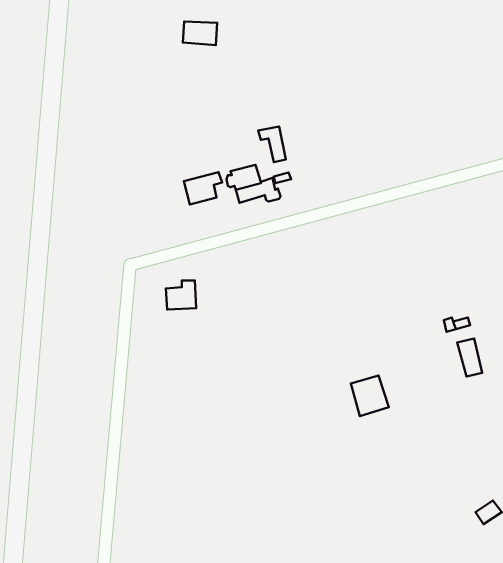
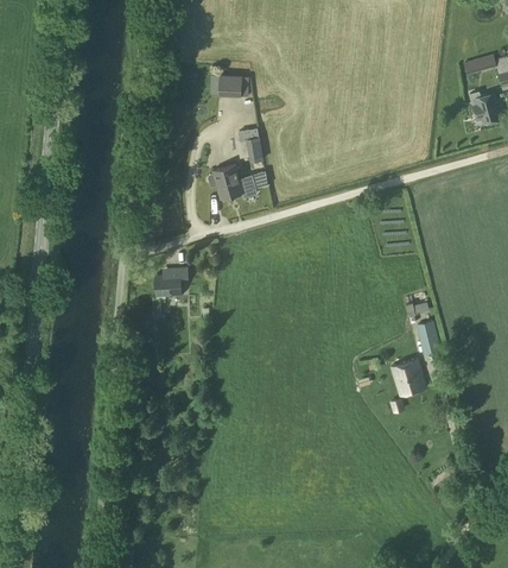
building: [183,21,217,45] -> [218,75,249,96]
building: [184,172,222,204] -> none
building: [351,375,389,416] -> [392,359,426,396]

